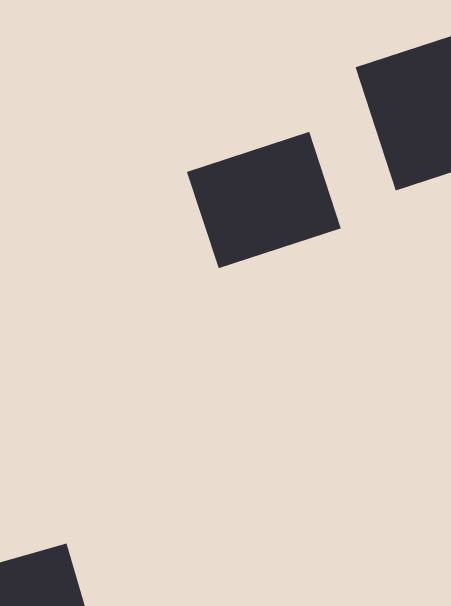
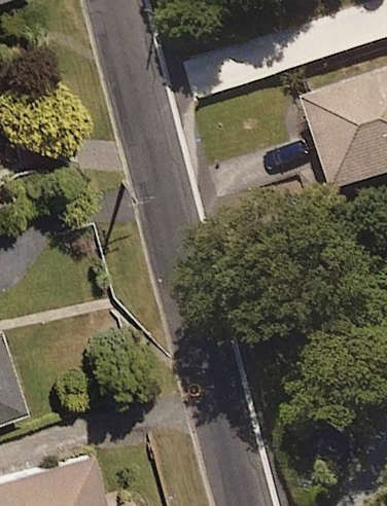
building: [186,131,342,269] -> none

